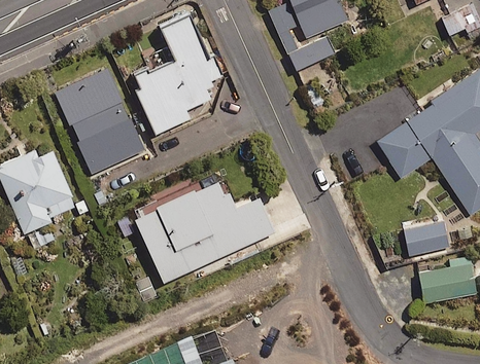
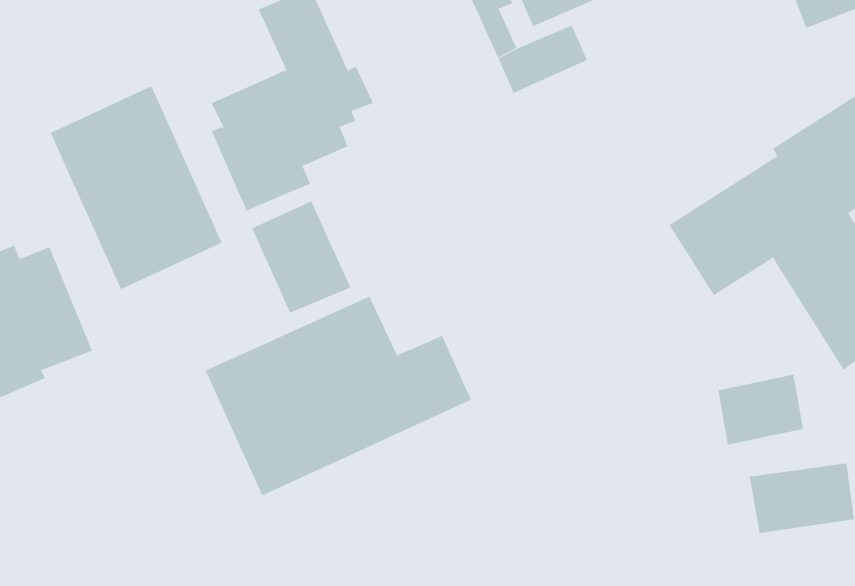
building: none -> [251,200,351,313]

